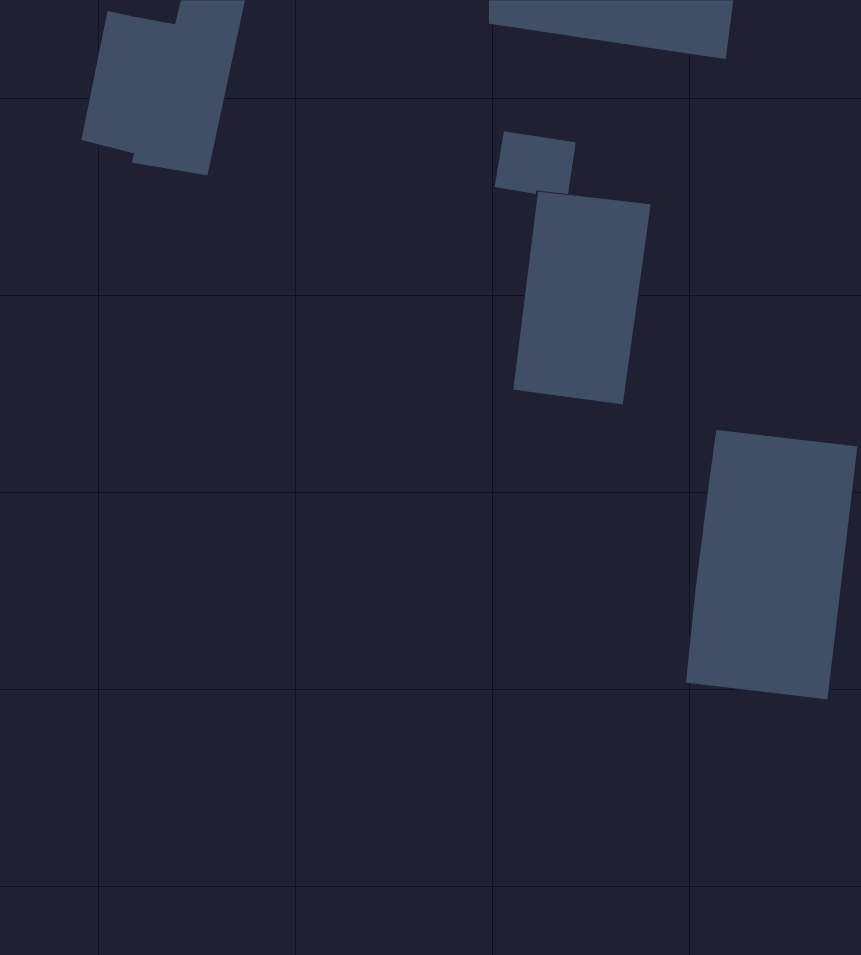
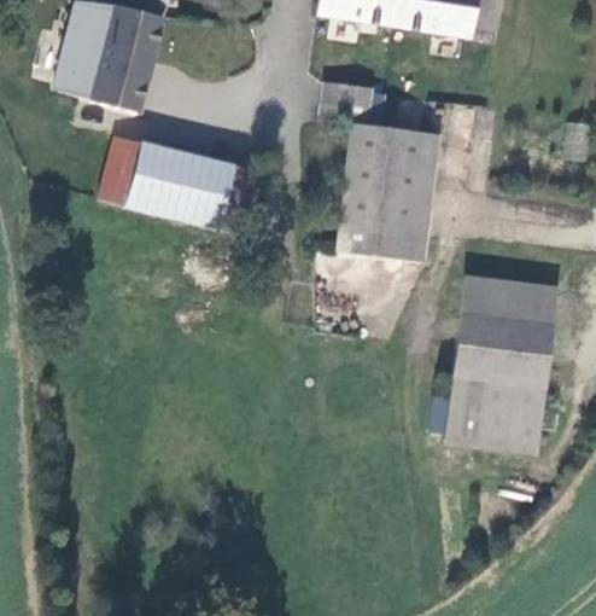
building: none -> [104,136,263,233]

